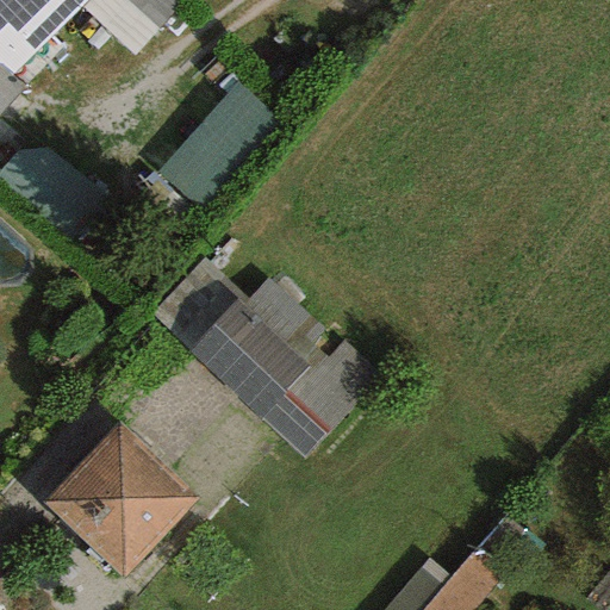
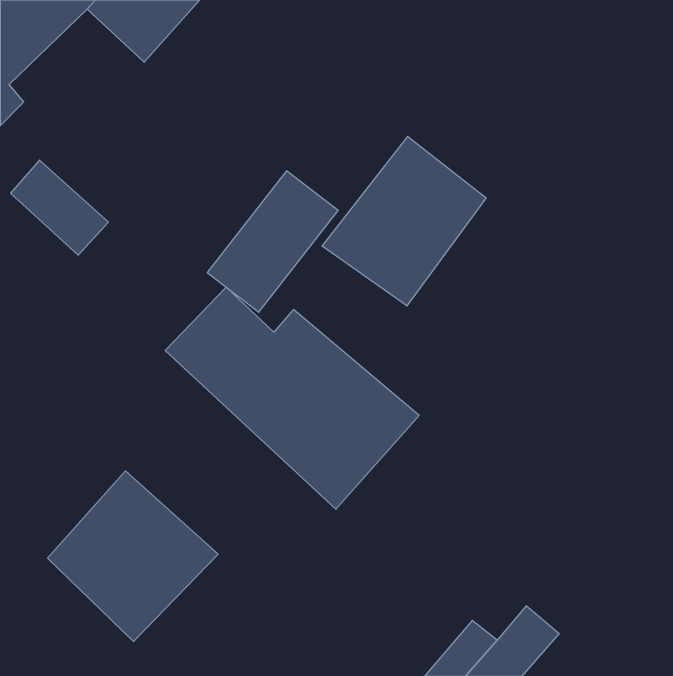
building: [164,77,282,205] -> [207,171,338,312]
building: none -> [322,136,486,306]

